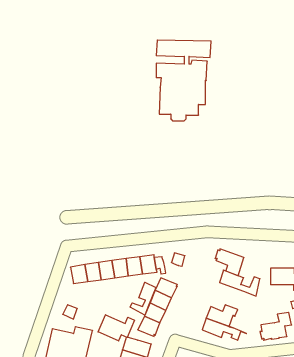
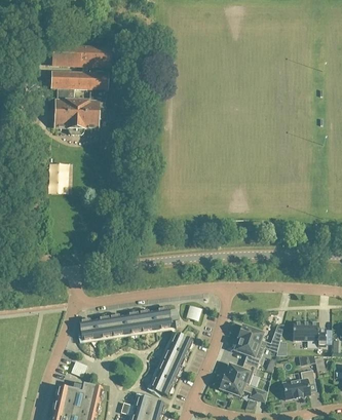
building: [156,40,211,121] -> [51,48,110,135]
building: [215,249,244,276] -> [232,338,263,367]
building: [130,282,156,315] -> none
building: [98,315,135,341] -> none

